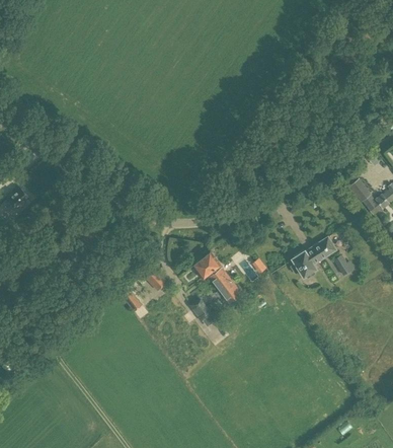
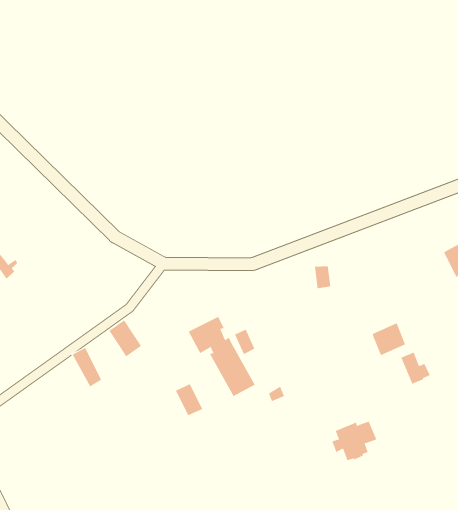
building: [291,249,320,278] -> [331,421,377,461]

